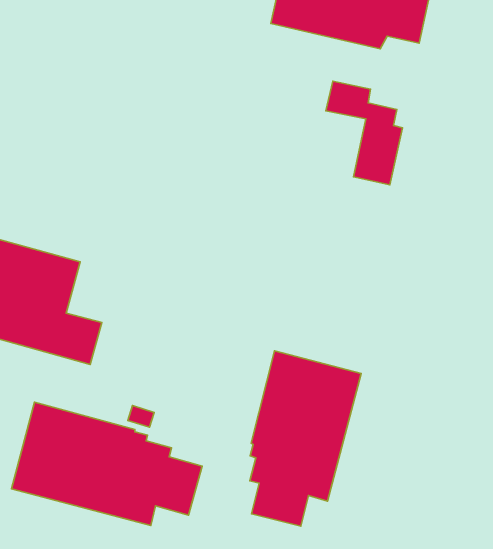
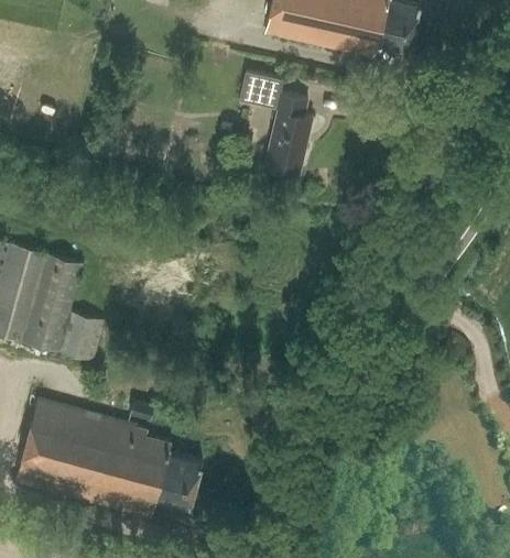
building: [326,81,402,185] -> [238,72,312,172]
building: [250,351,361,526] -> none

